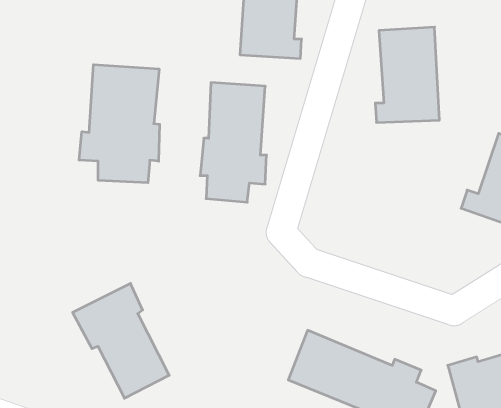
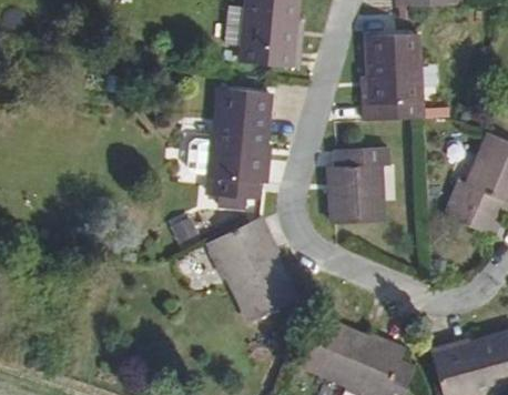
building: [79,65,160,183] -> none
building: none -> [333,154,395,230]
building: [73,283,169,398] -> [206,219,295,324]

